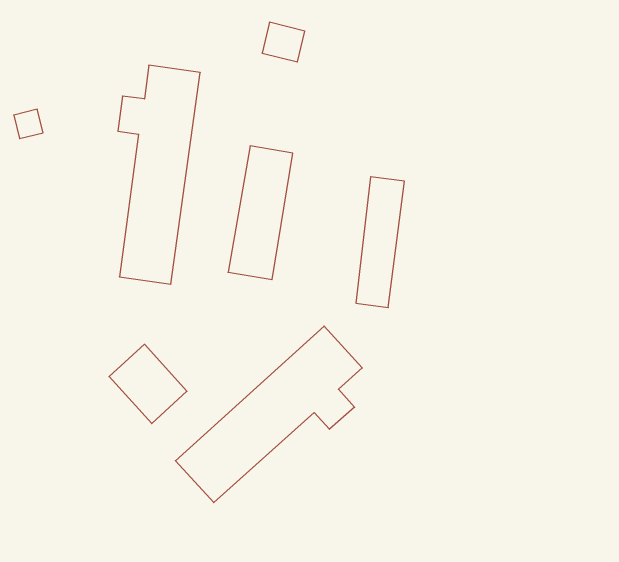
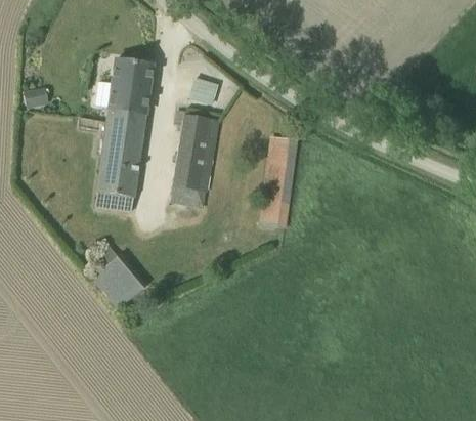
building: [262,22,305,62] -> [187,75,217,102]
building: [175,326,362,503] -> none

